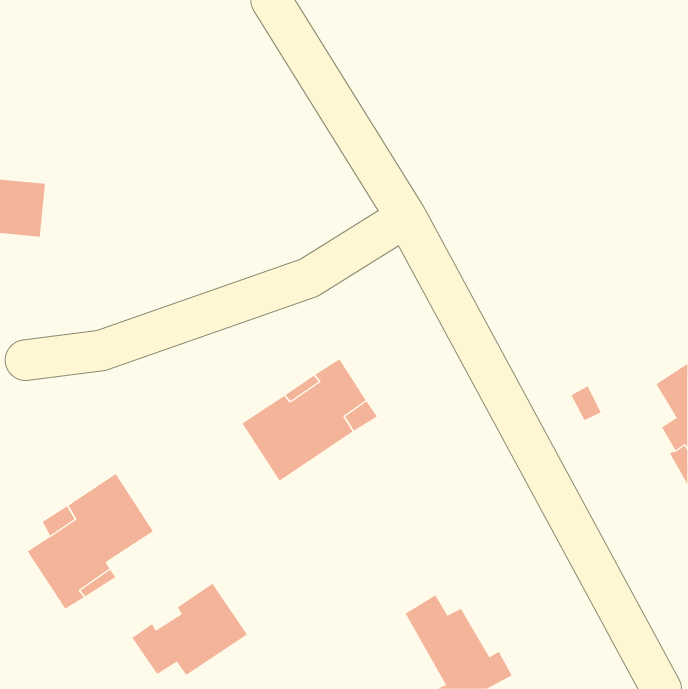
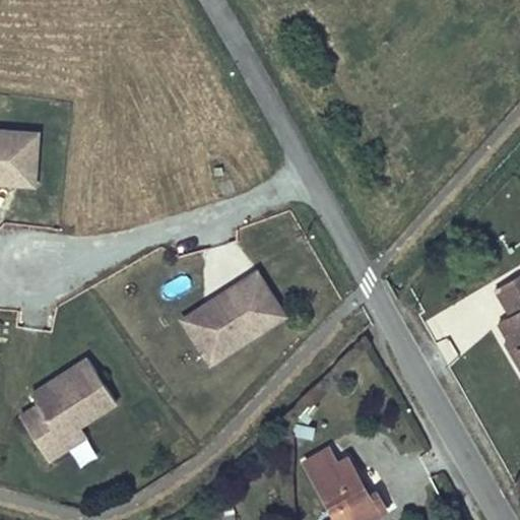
building: [132,583,248,676] -> none

